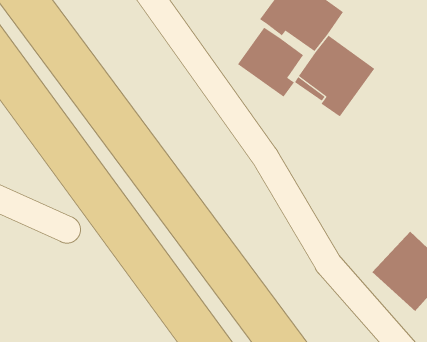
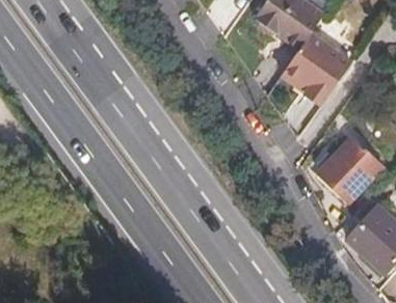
building: [237,27,304,97] -> none
building: none -> [314,133,381,199]

